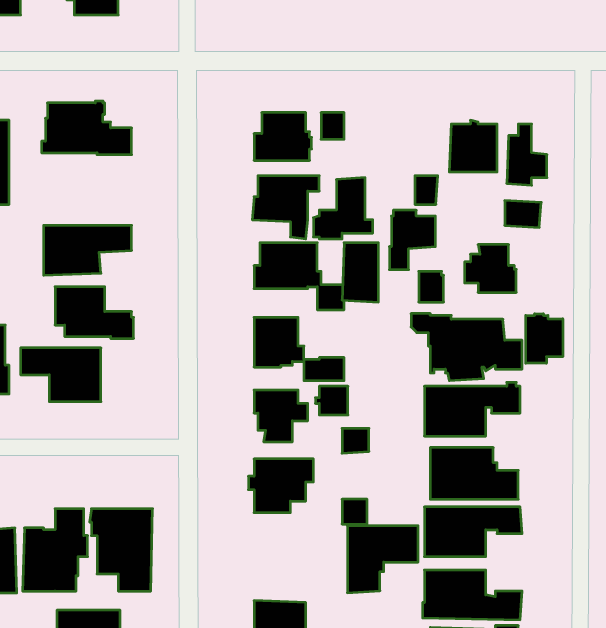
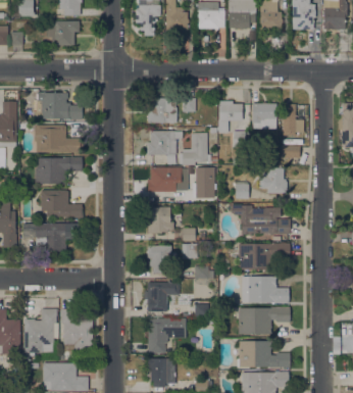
building: none -> [34,125,81,152]
building: [389,210,435,270] -> [217,100,242,132]
building: [526,314,563,363] -> none
building: [347,526,418,593] -> [148,317,186,353]

